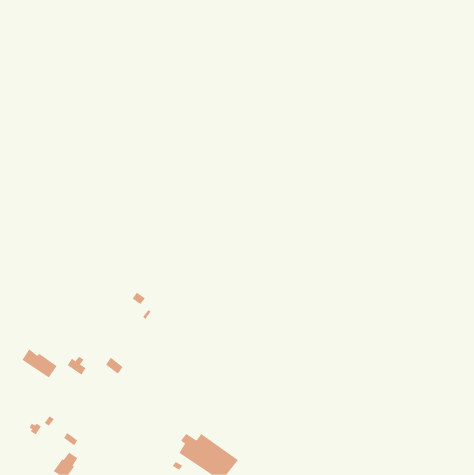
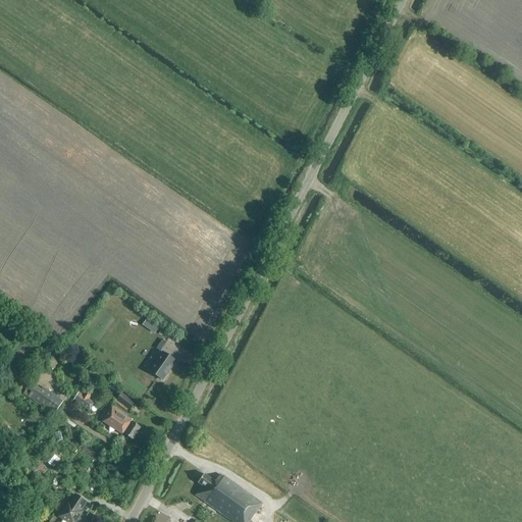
building: none -> [150,353,176,381]
building: none -> [105,408,142,441]

